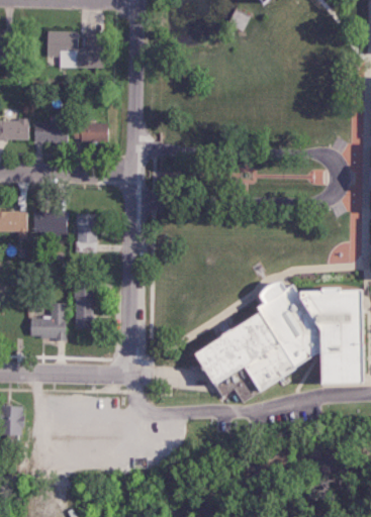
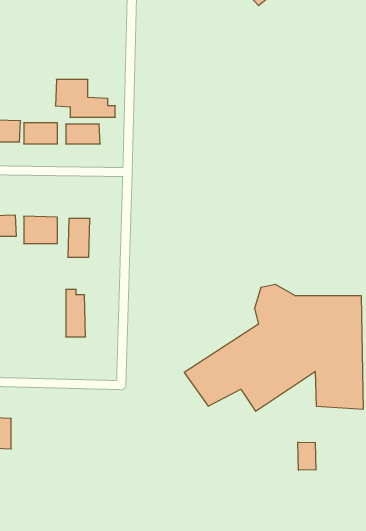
building: [48,30,105,67] -> [55,80,115,117]
building: [31,303,67,337] -> none
building: none -> [298,442,316,470]

